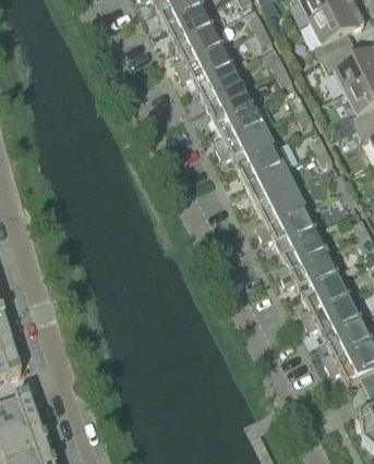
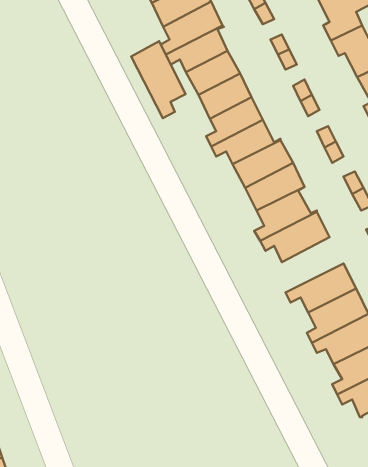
building: none -> [131,41,185,118]
building: [277,229,331,277] -> none

